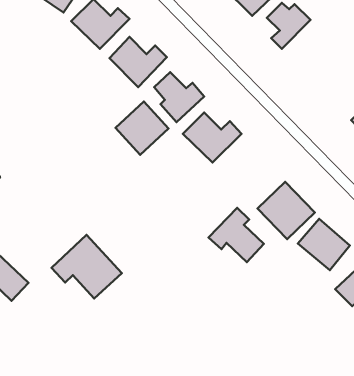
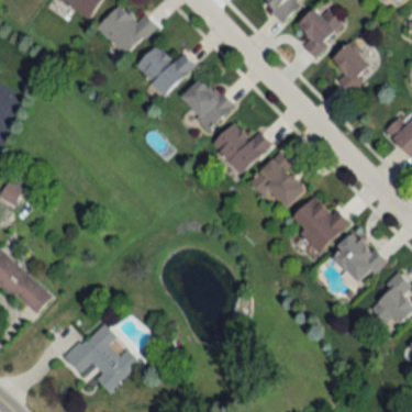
building: none -> [331,43,369,94]
building: [115,102,169,155] -> none
building: [209,208,264,262] -> [248,152,305,208]
building: [51,235,122,299] -> [66,323,138,389]

